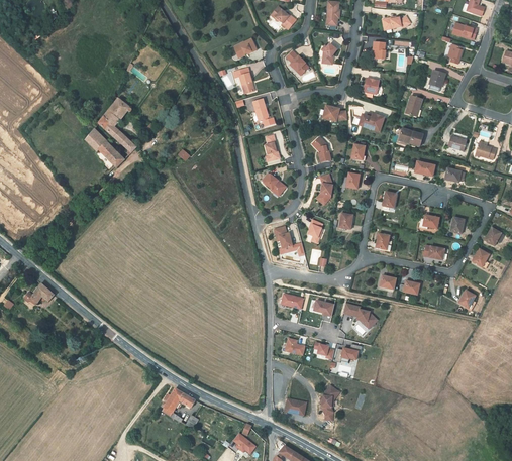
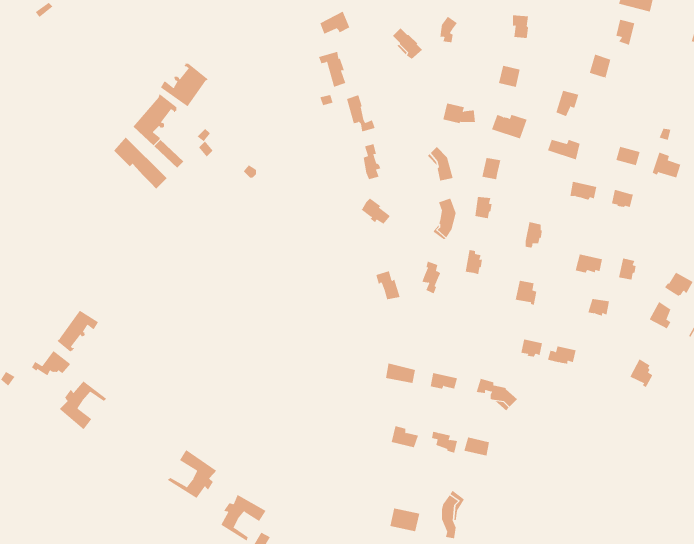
building: none -> [160,63,209,107]
building: none -> [56,310,99,352]
building: none -> [59,380,107,430]
building: none -> [167,449,217,499]

